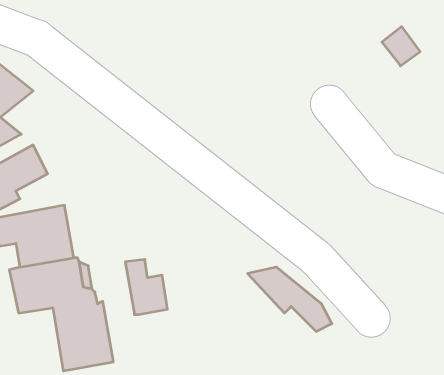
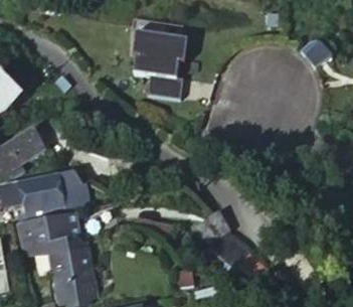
building: none -> [133,33,187,98]
building: [125,259,167,315] -> [58,172,91,214]

